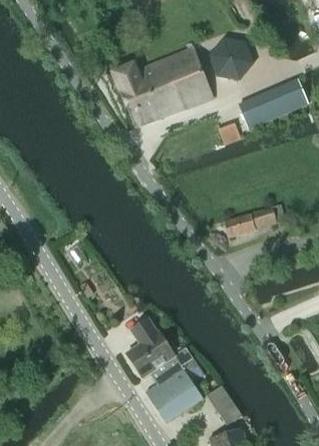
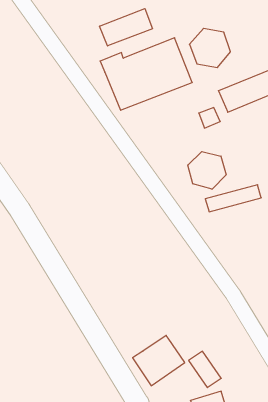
building: none -> [100,9,152,46]
building: none -> [188,152,226,189]
building: [127,320,198,385] -> none

